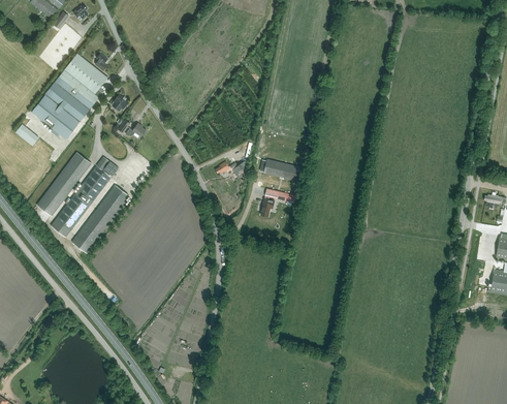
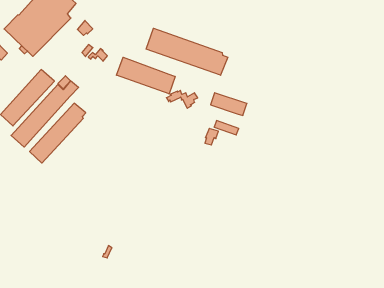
building: none -> [146,28,228,75]
building: none -> [116,57,175,94]

